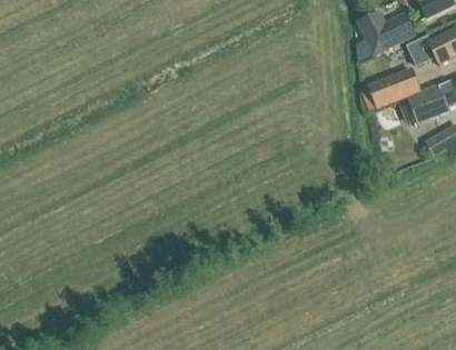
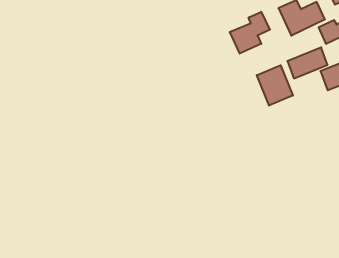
building: none -> [230,12,270,54]
building: none -> [257,65,293,106]

